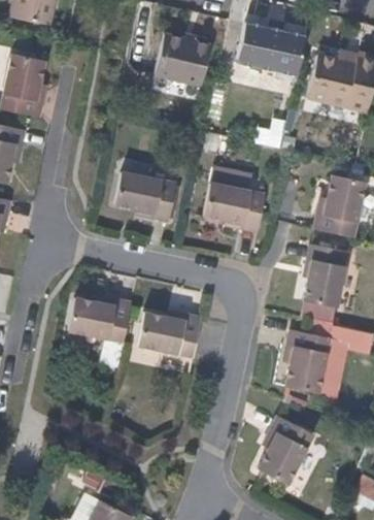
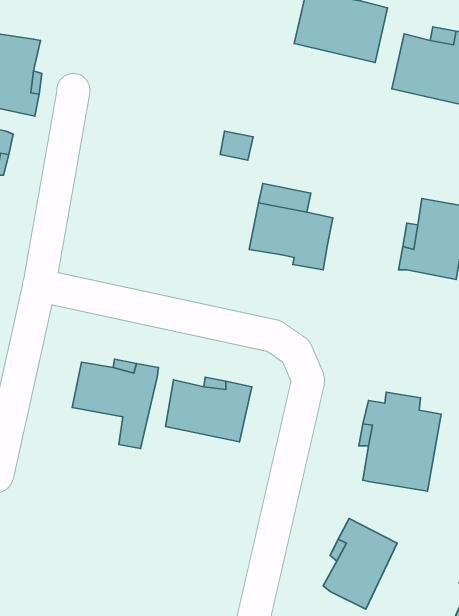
building: [156,33,212,87] -> none
building: [113,171,176,222] -> none
building: [305,245,349,306] -> none

